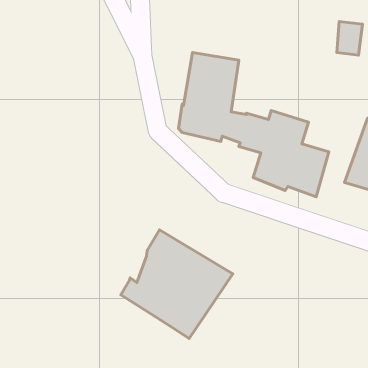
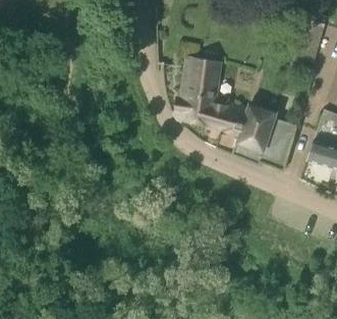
building: [121,230,233,338] -> none

